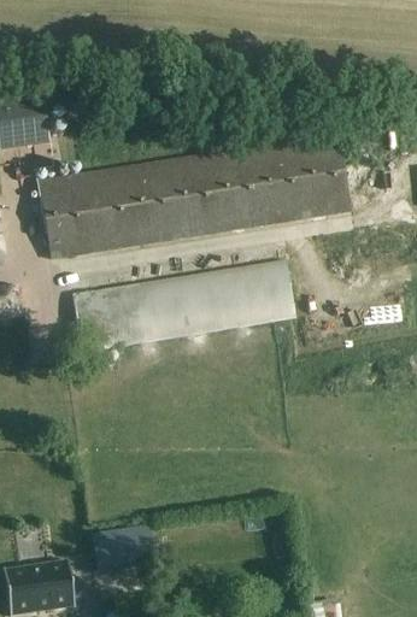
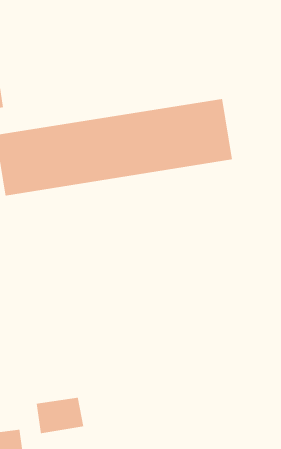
building: [72,259,295,351] -> none

